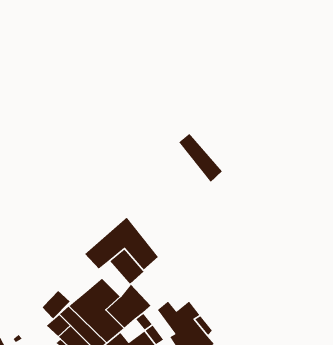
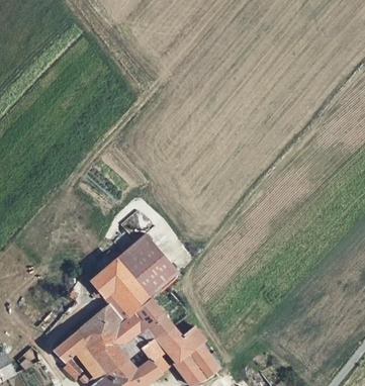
building: [178,133,223,183] -> [132,235,176,284]
building: none -> [136,298,173,335]
building: [41,290,71,319] -> none

